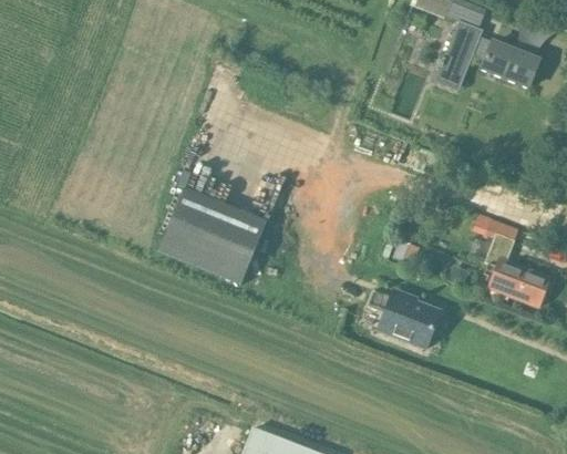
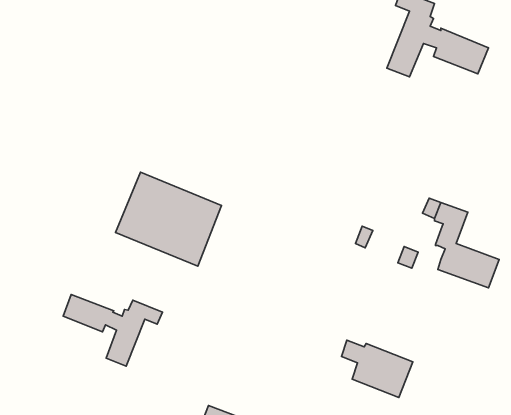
building: [367,289,440,348] -> [341,340,413,397]
building: none -> [63,295,162,366]

